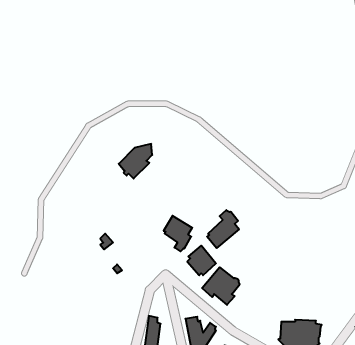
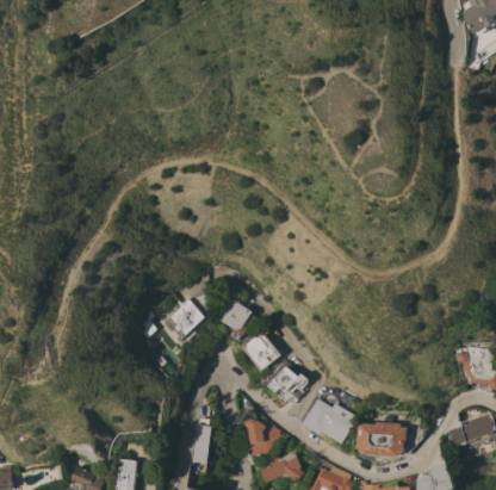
building: [119,144,152,179] -> [167,293,207,335]
building: [207,210,239,248] -> none
building: none -> [302,398,354,444]

